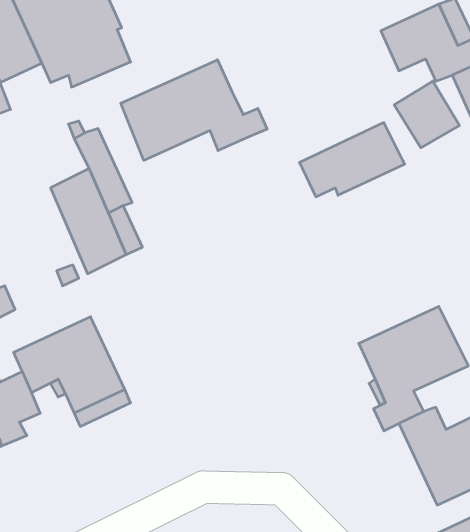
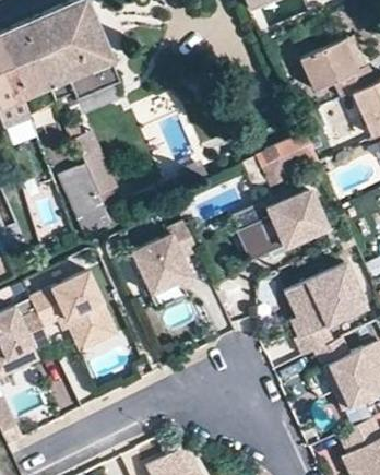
building: [121,60,267,160] -> none
building: none -> [237,179,326,251]
building: none -> [130,216,197,289]

